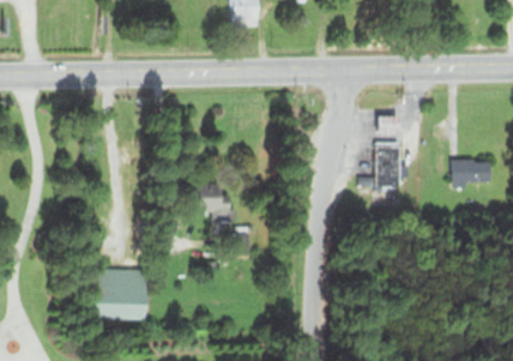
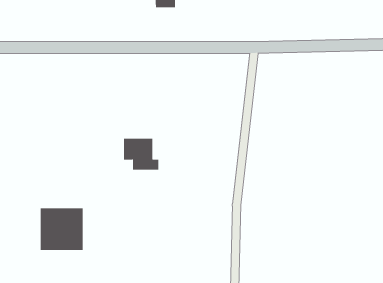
building: [376,143,402,187] -> none
building: [454,161,491,185] -> none

